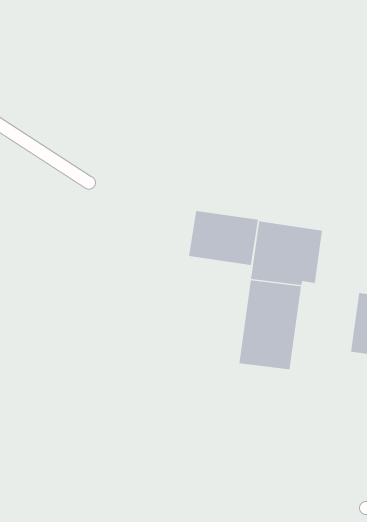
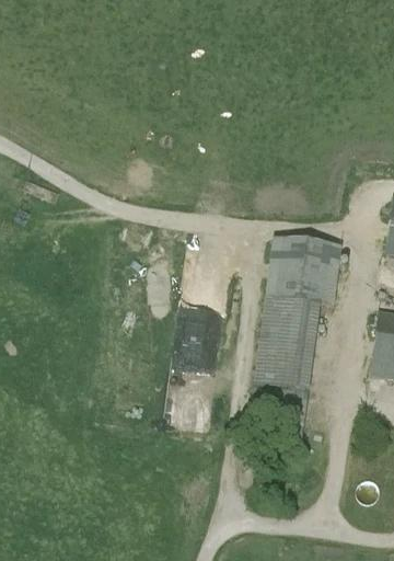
building: [188,210,259,266] -> none

